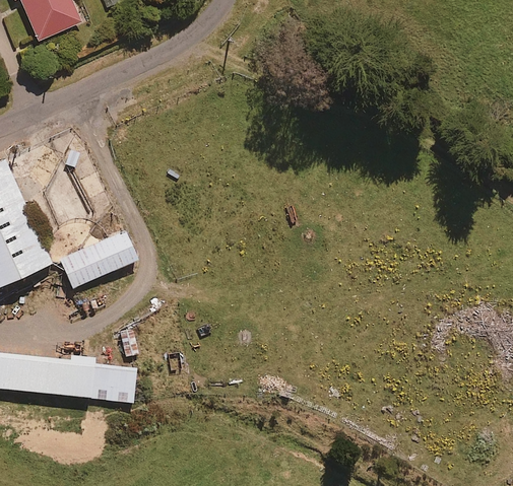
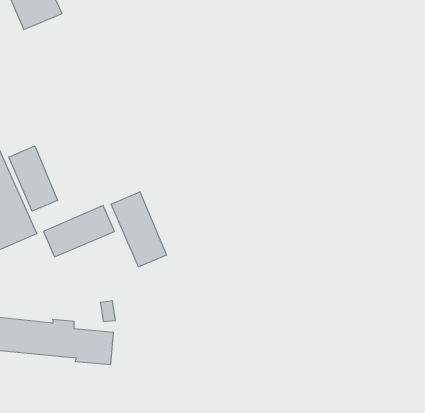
building: none -> [9,146,58,211]
building: none -> [111,192,167,267]

